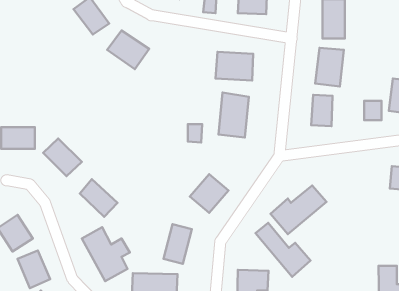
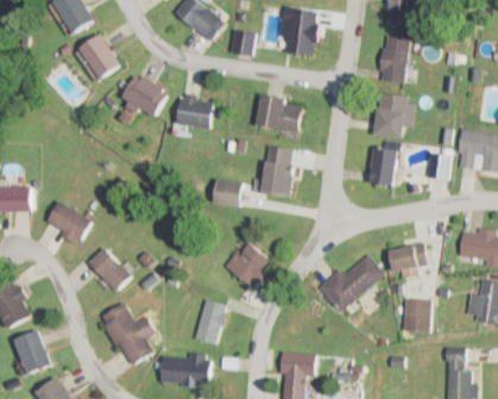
building: none -> [182,99,218,128]
building: none -> [382,242,425,273]
building: [255,223,311,277] -> none
building: none -> [403,299,428,332]

